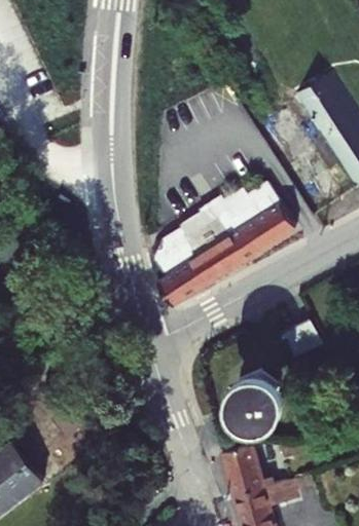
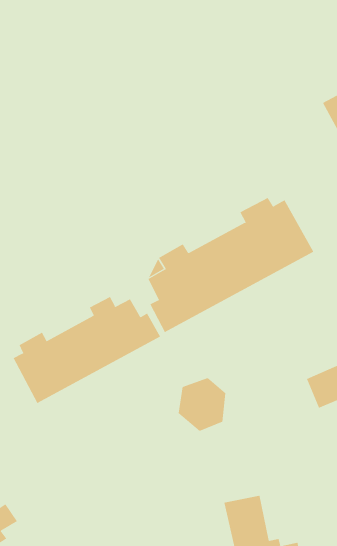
building: none -> [13,296,161,404]
building: [229,376,270,422] -> [178,378,226,431]

